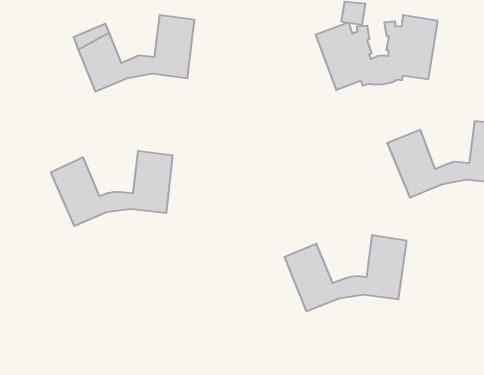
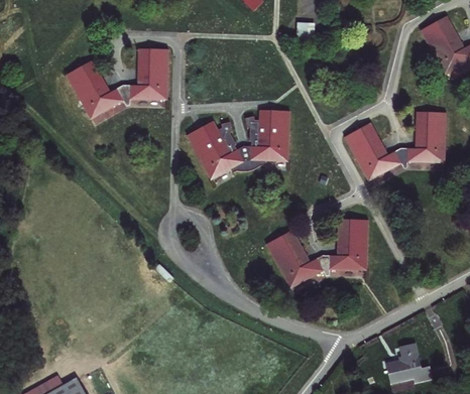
building: [316,15,438,90] -> [187,109,289,178]
building: [51,151,172,226] -> none

